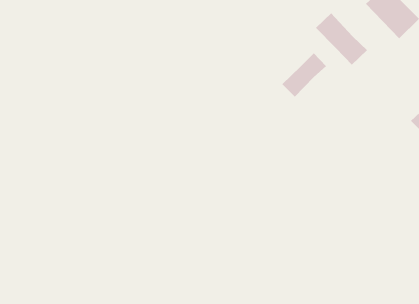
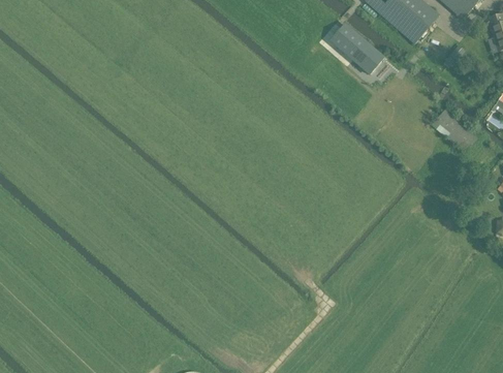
building: [282,53,327,98] -> none

